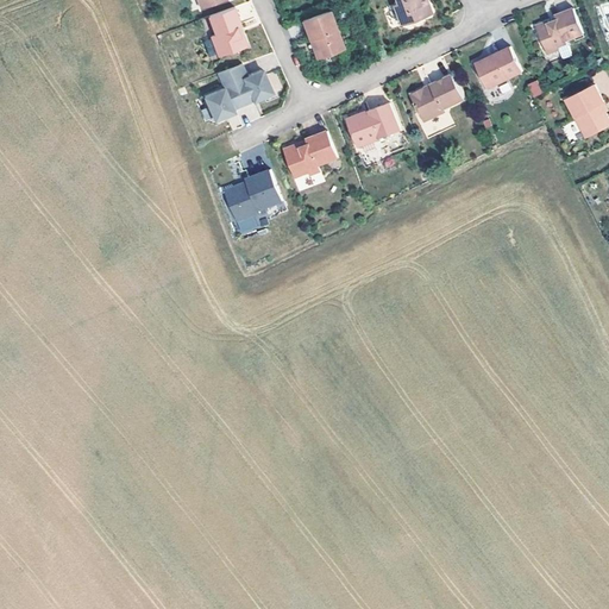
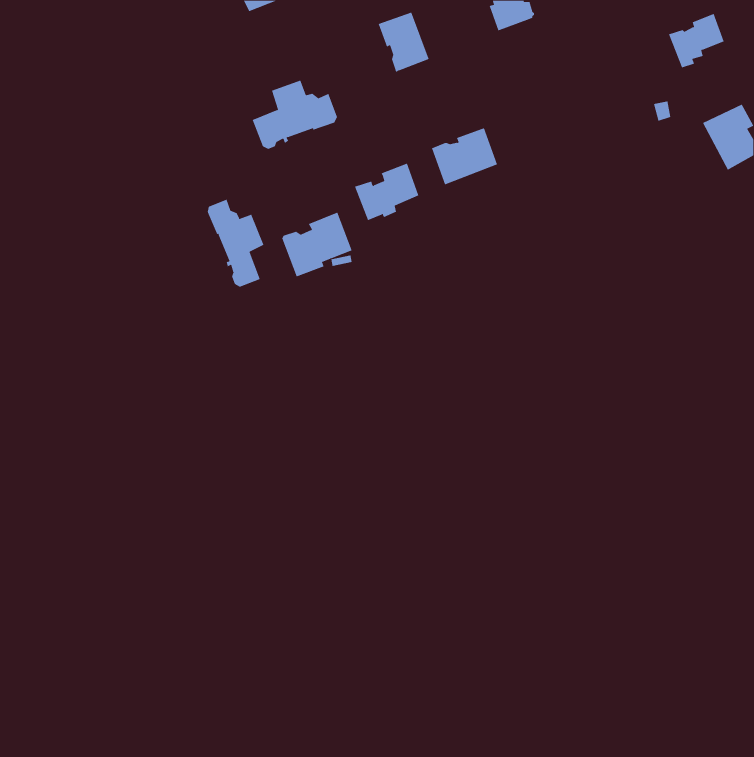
building: [207,7,245,57] -> none
building: [476,51,522,92] -> none
building: [409,76,460,121] -> none
building: none -> [207,199,264,287]

